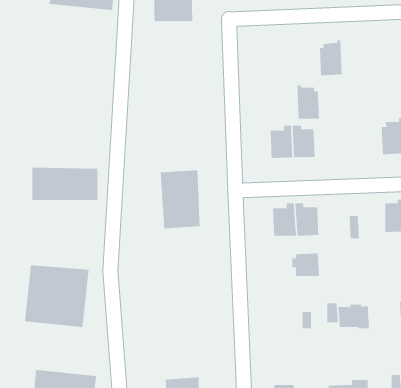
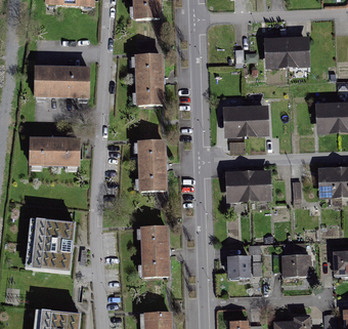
building: none -> [132,53,166,102]
building: none -> [34,69,93,97]
building: [296,85,320,119] -> [286,34,305,63]
building: [291,253,320,276] -> [225,255,249,275]
building: none -> [137,228,170,277]

